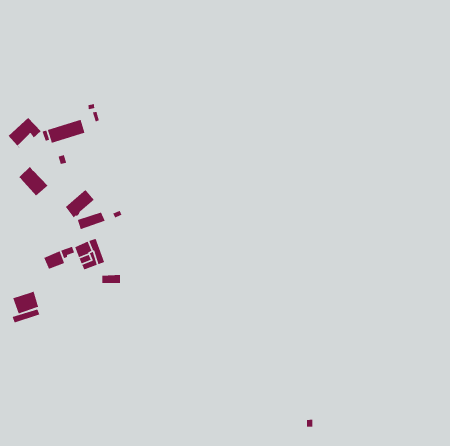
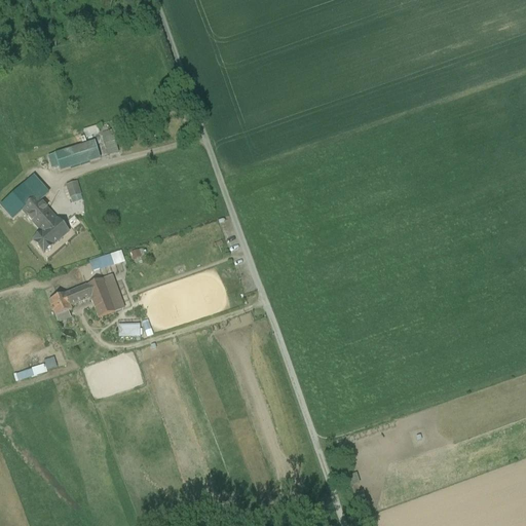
building: [8,117,41,149] -> [10,174,49,211]
building: [65,188,95,218] -> [34,216,69,251]
building: [12,290,39,314] -> none

